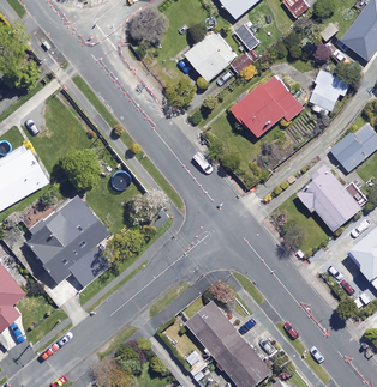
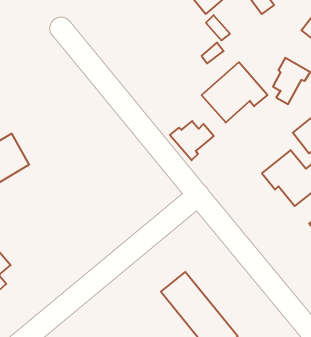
building: [185,30,238,81] -> none
building: none -> [170,121,214,160]
building: [23,195,103,285] -> none

